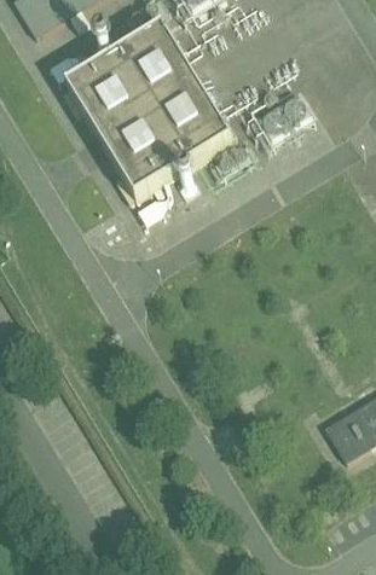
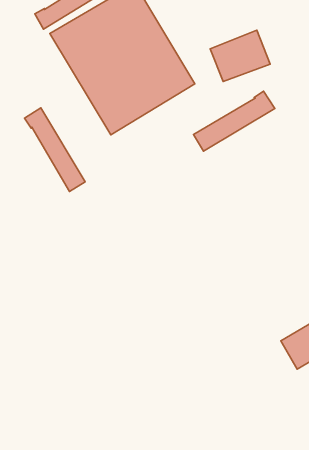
building: none -> [193,91,275,151]
building: none -> [25,108,85,191]

